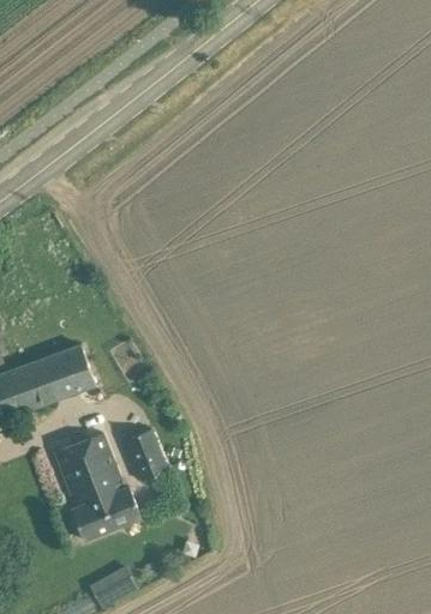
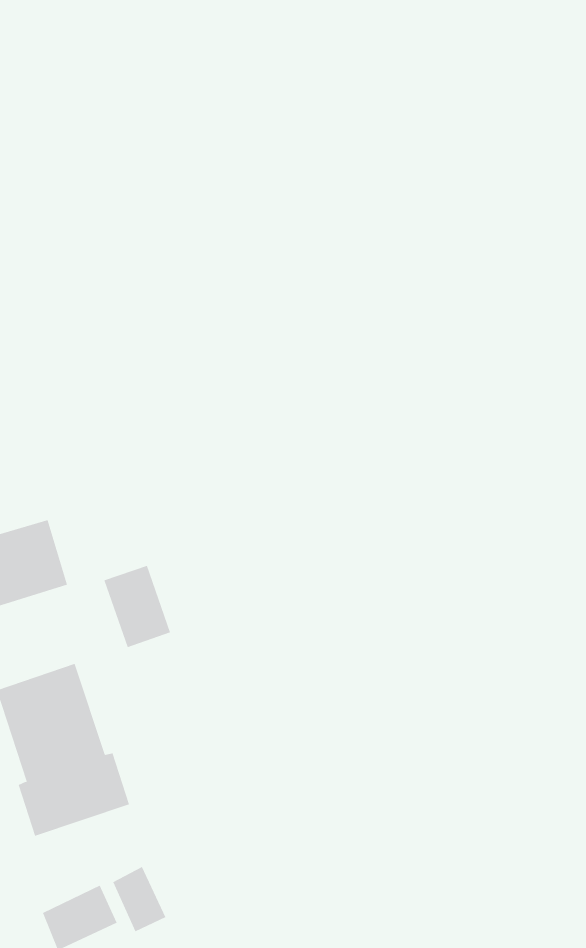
building: [124,428,167,480] -> [104,565,171,648]
building: none -> [113,866,166,932]

